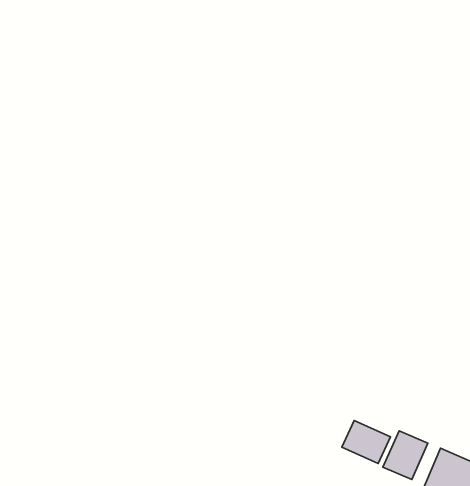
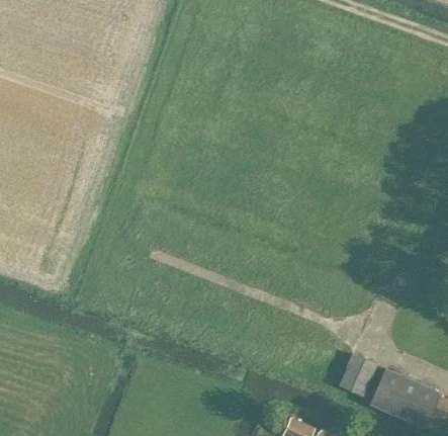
building: [342,421,390,463] -> none

